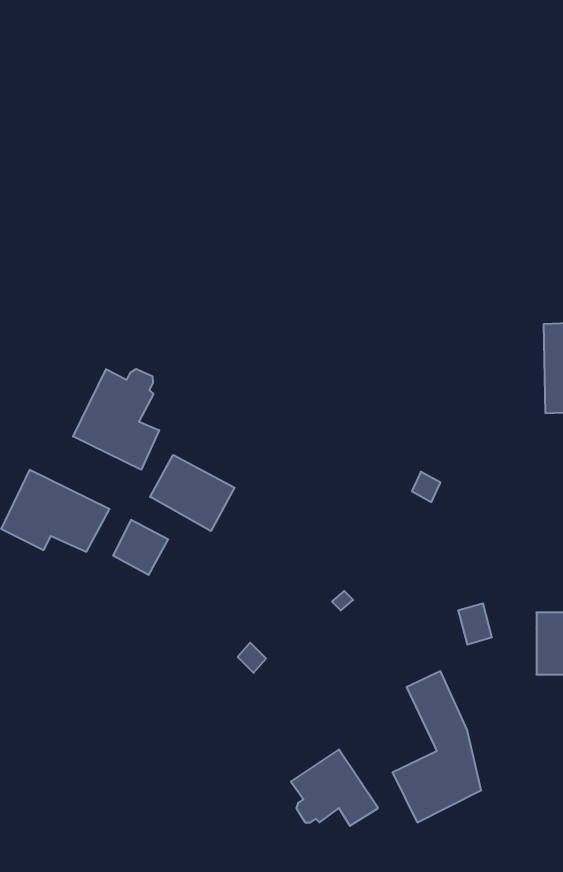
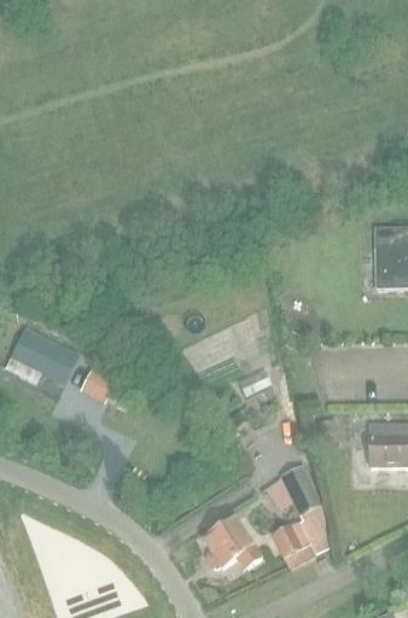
building: [73,369,159,470] -> none
building: [150,455,235,531] -> none

